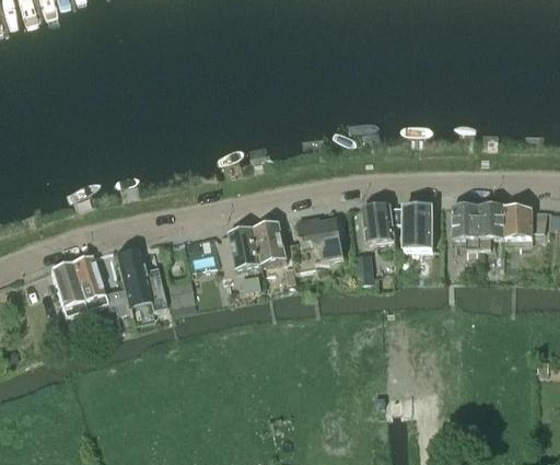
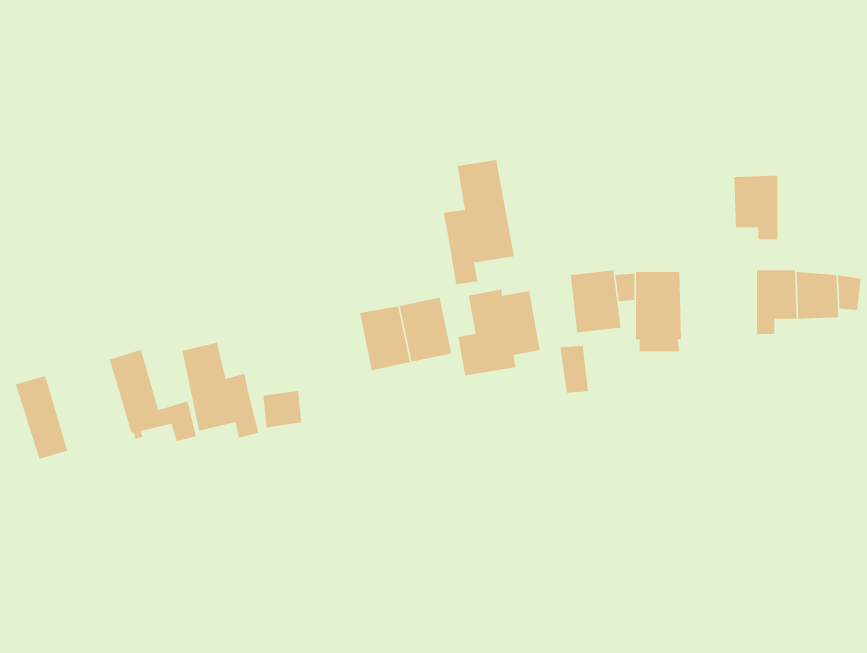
building: none -> [443,159,515,285]
building: [452,202,480,244] -> [733,175,778,240]
building: [50,259,84,313] -> [15,375,68,460]

